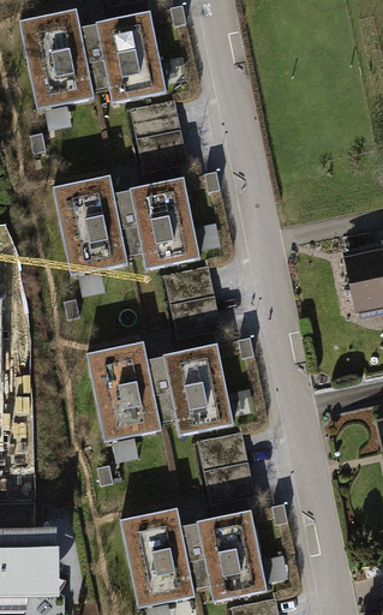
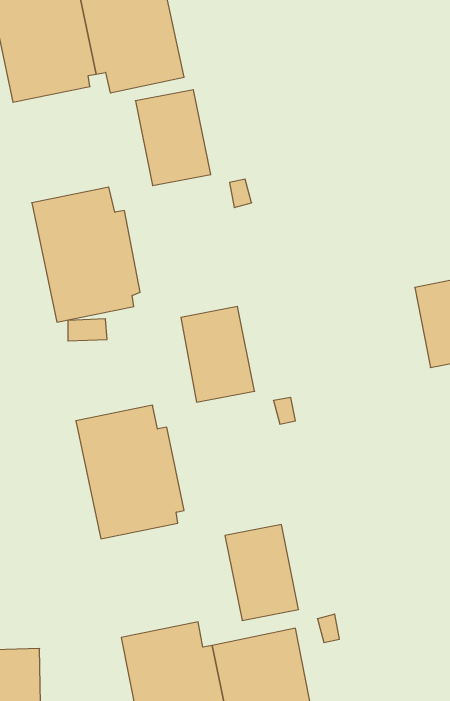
building: [121,179,201,269] -> none
building: [154,345,234,435] -> none

